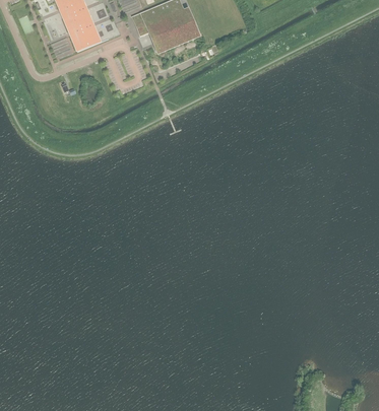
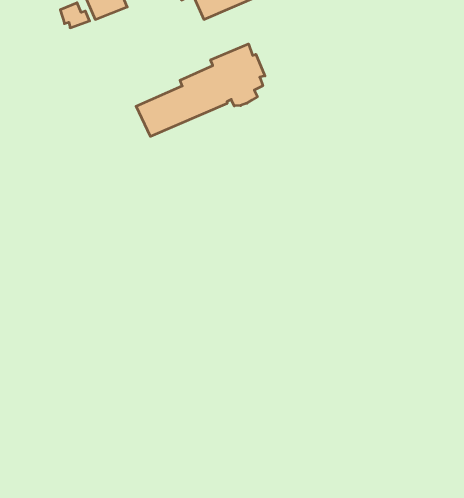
building: none -> [136,44,265,136]

